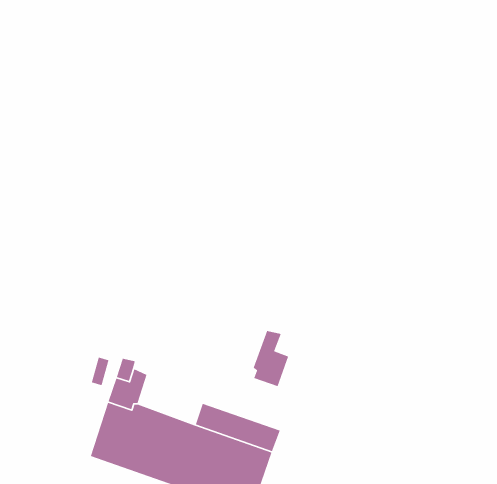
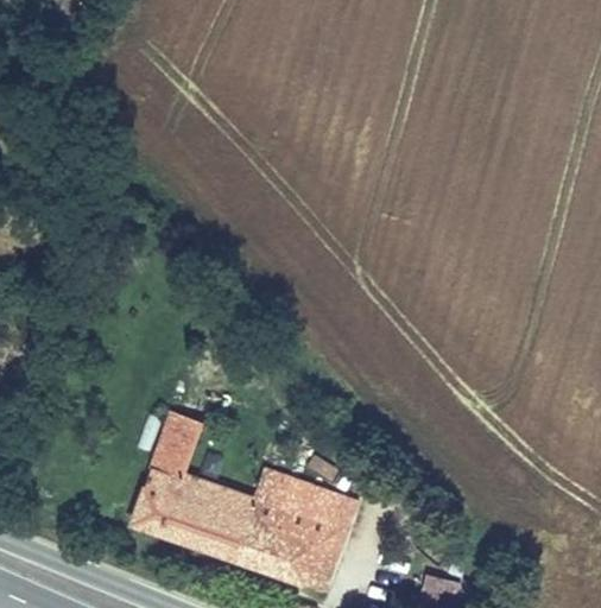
building: [253,330,289,387] -> none

